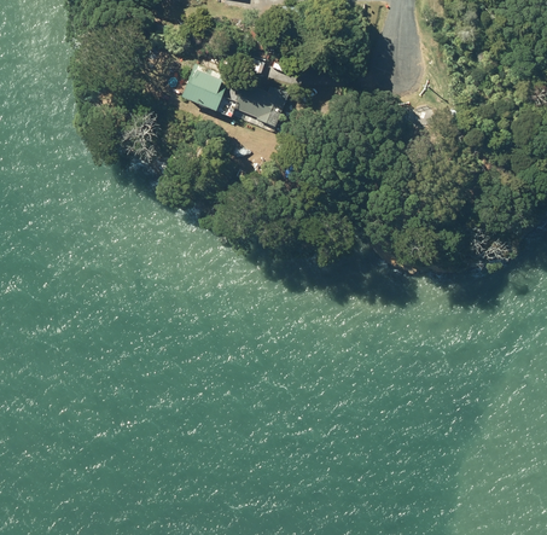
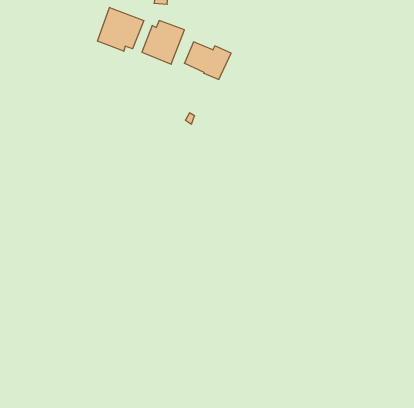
building: none -> [98,7,144,51]

